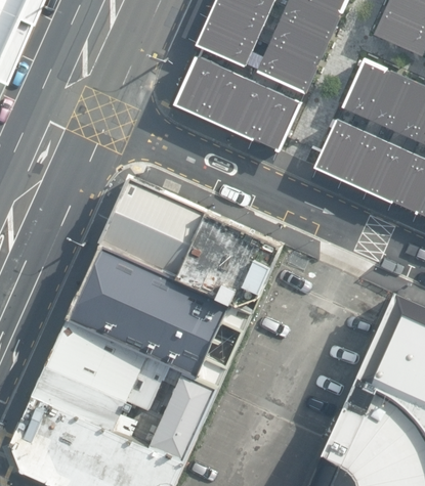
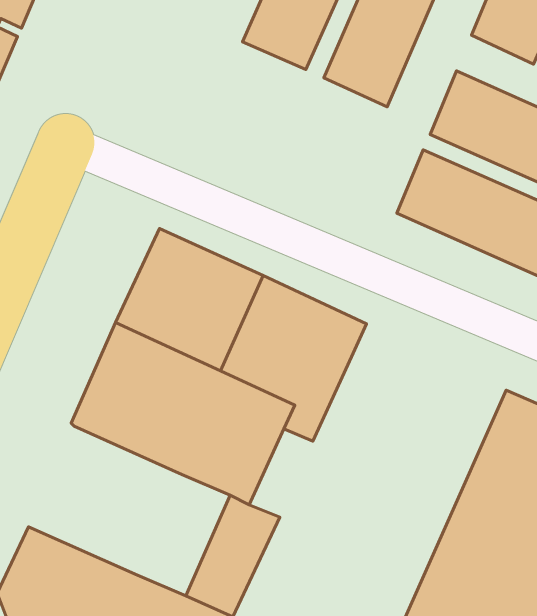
building: [165,52,294,152] -> none
building: [37,321,165,432] -> none

